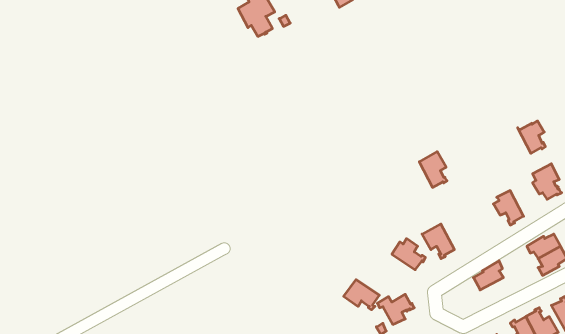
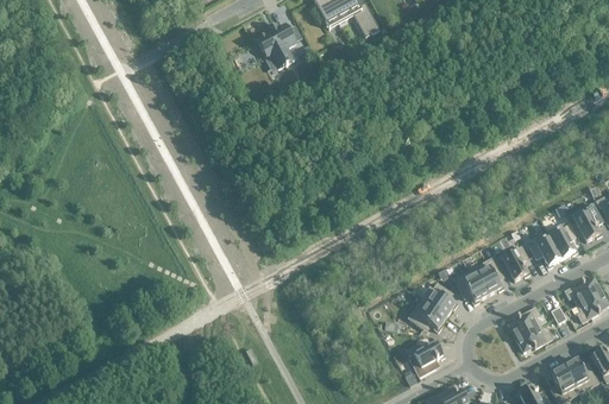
building: [518,121,545,153] -> [547,225,577,259]
building: [419,152,447,187] -> [473,257,503,295]
building: none -> [501,246,529,280]
building: none -> [515,324,552,352]
building: [344,280,379,310] -> [408,299,446,332]

